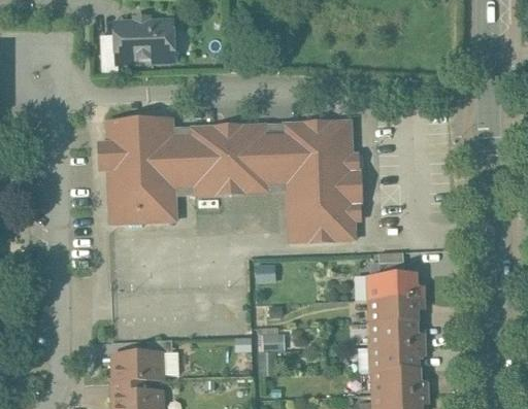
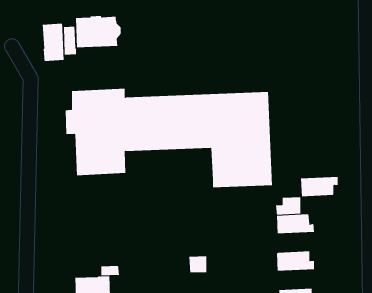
building: none -> [42,22,64,62]
building: [371,298,420,323] -> [300,176,338,197]
building: [371,345,421,371] -> none

